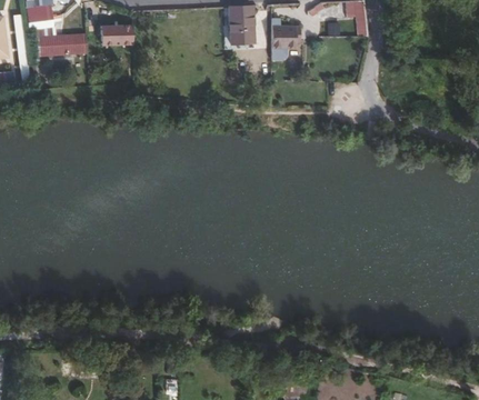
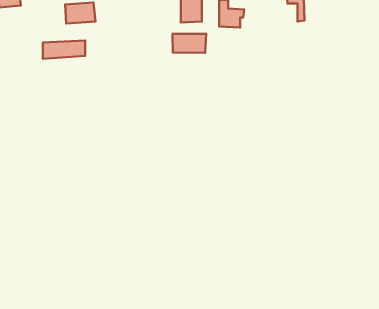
building: [38,32,84,52] -> [43,41,85,59]
building: none -> [173,34,206,53]

